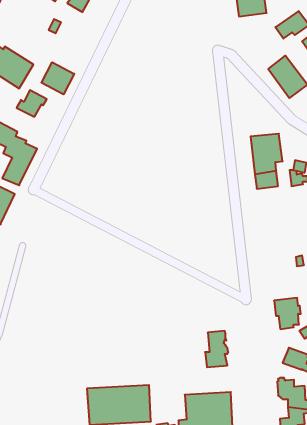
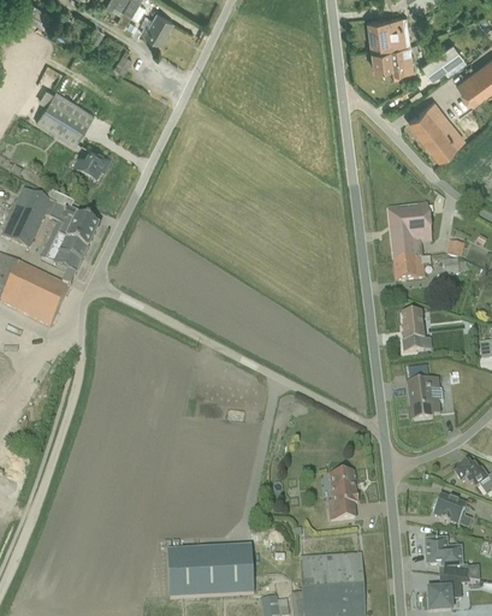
building: none -> [373,40,414,69]
building: [41,62,74,94] -> none
building: none -> [402,310,425,351]
building: [274,298,301,329] -> [407,378,443,420]

